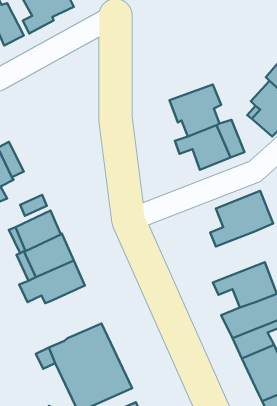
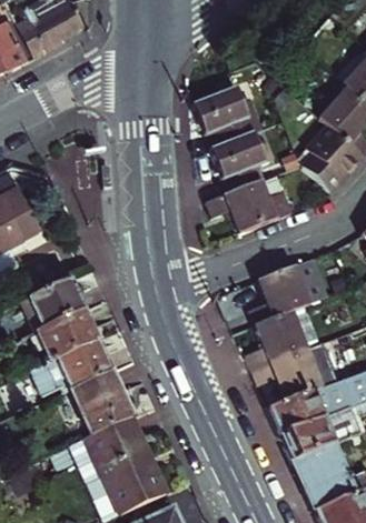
building: none -> [194,89,259,147]
building: none -> [253,304,322,365]
building: none -> [65,369,126,432]

